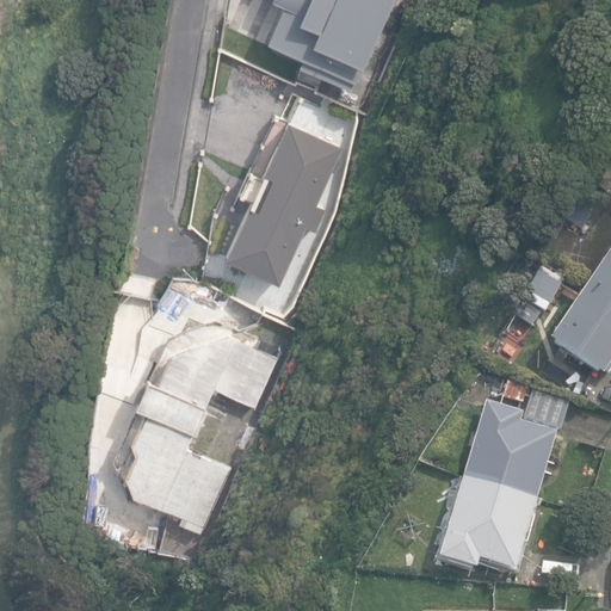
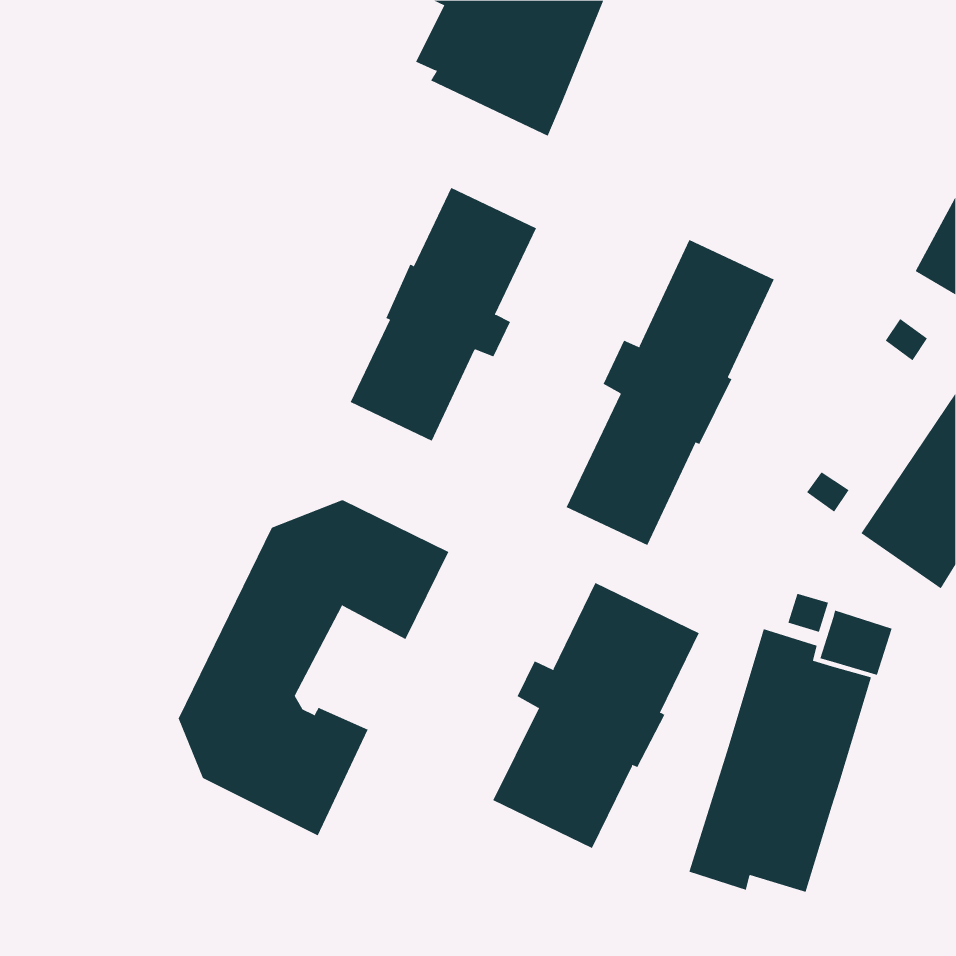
building: none -> [566,239,775,546]
building: none -> [493,582,699,849]

